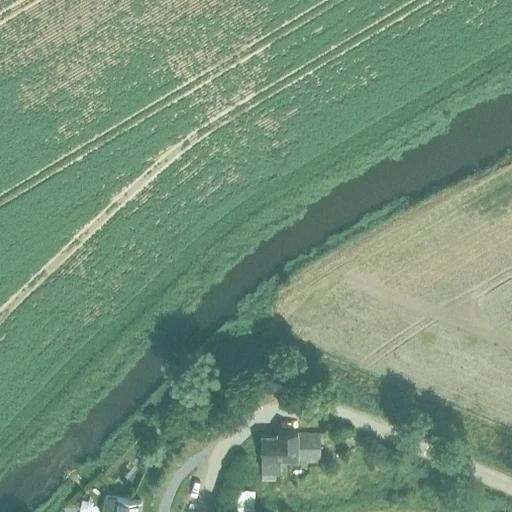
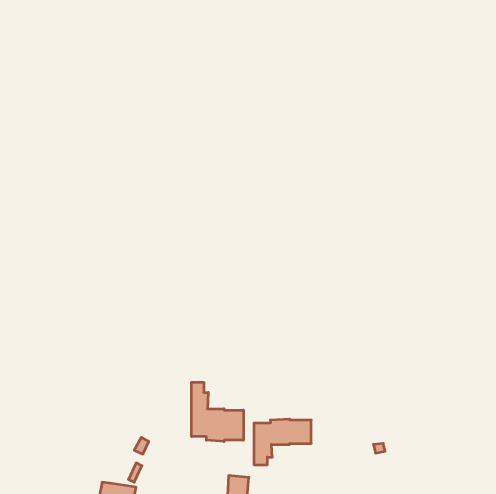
building: none -> [192,382,243,442]

